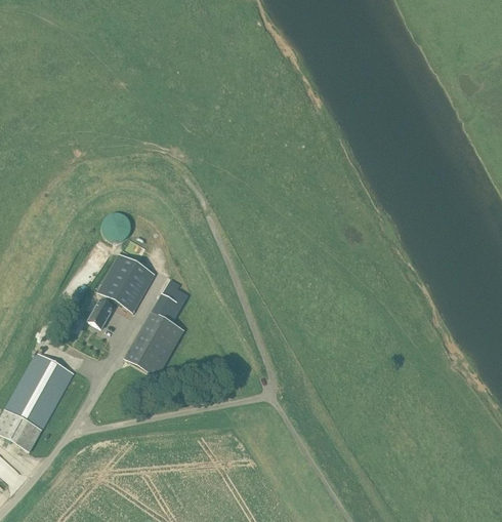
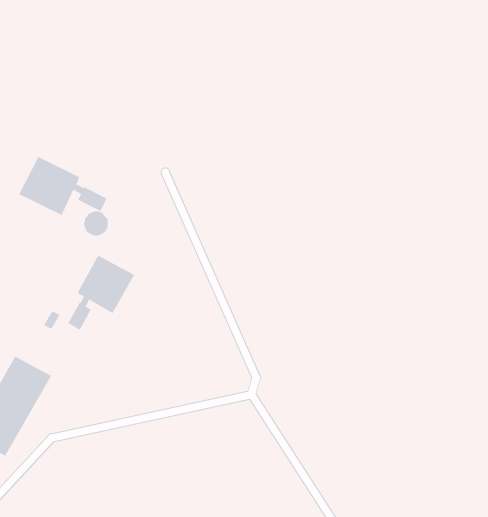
building: none -> [18,156,107,216]
building: [125,283,187,376] -> none

